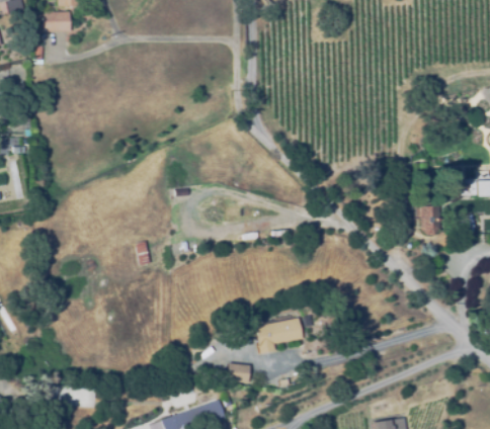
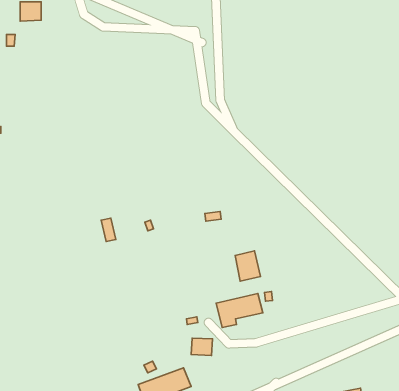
building: [420,203,437,233] -> none
building: none -> [235,251,261,281]

